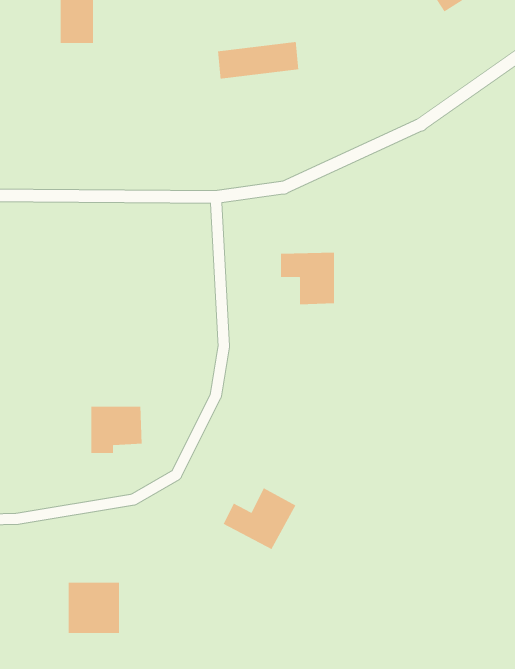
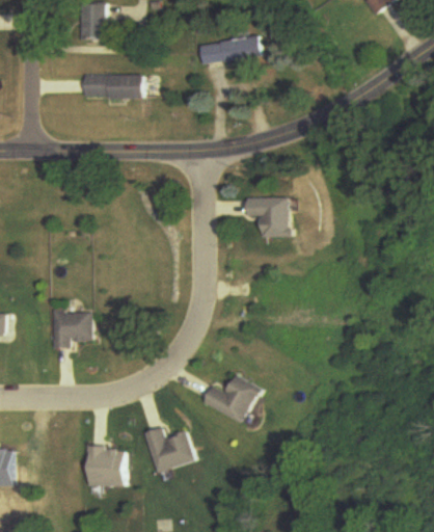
building: none -> [83,75,144,100]
building: [91,406,143,454] -> [52,312,91,348]
building: none -> [143,428,193,472]

